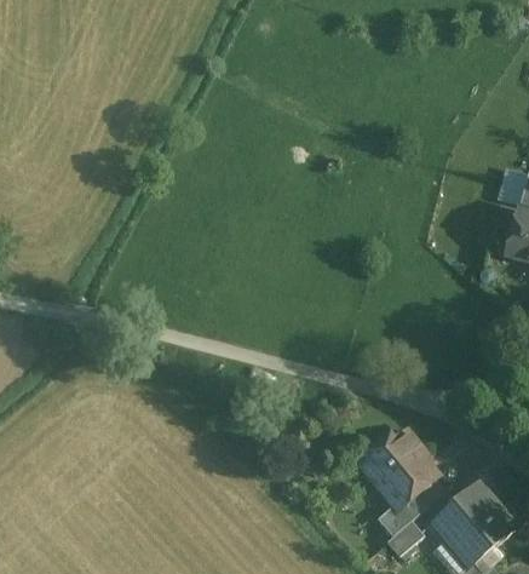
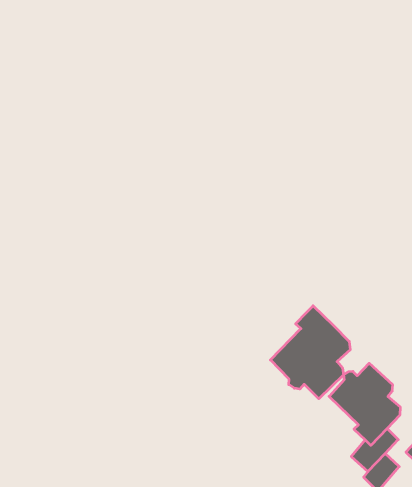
building: none -> [270,306,350,399]

